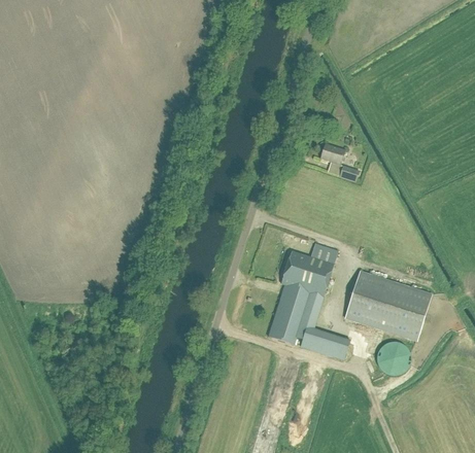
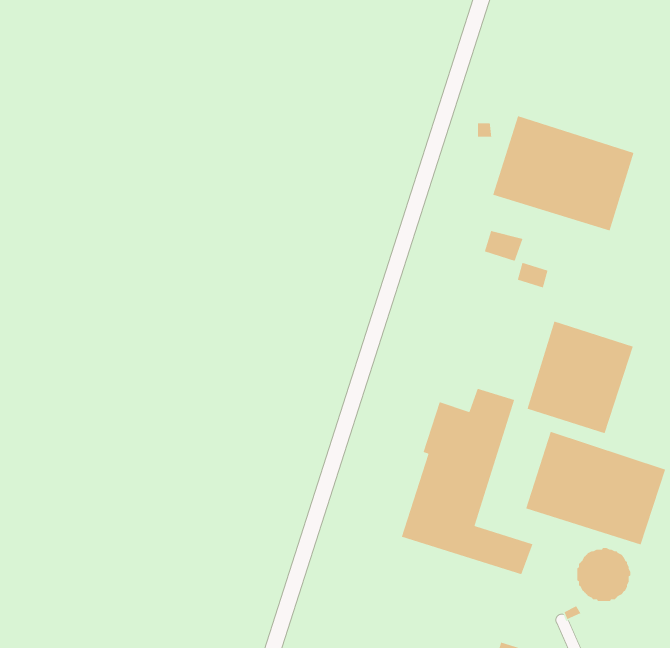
building: none -> [492,115,635,231]
building: none -> [527,321,634,434]

